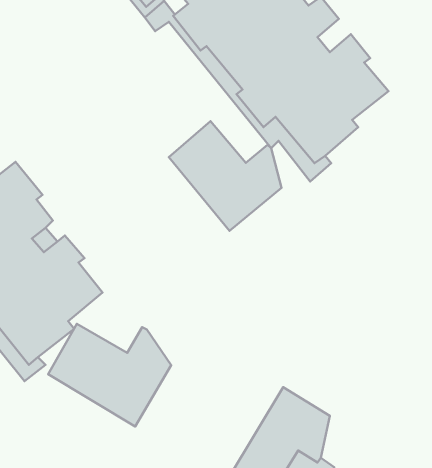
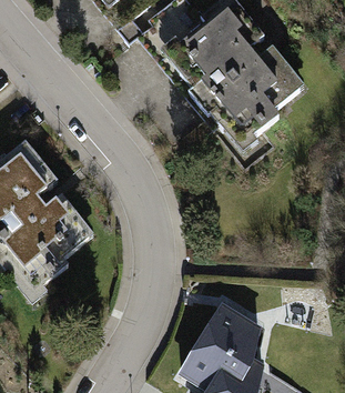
building: [169,121,281,231] -> none
building: [48,324,171,426] -> none

